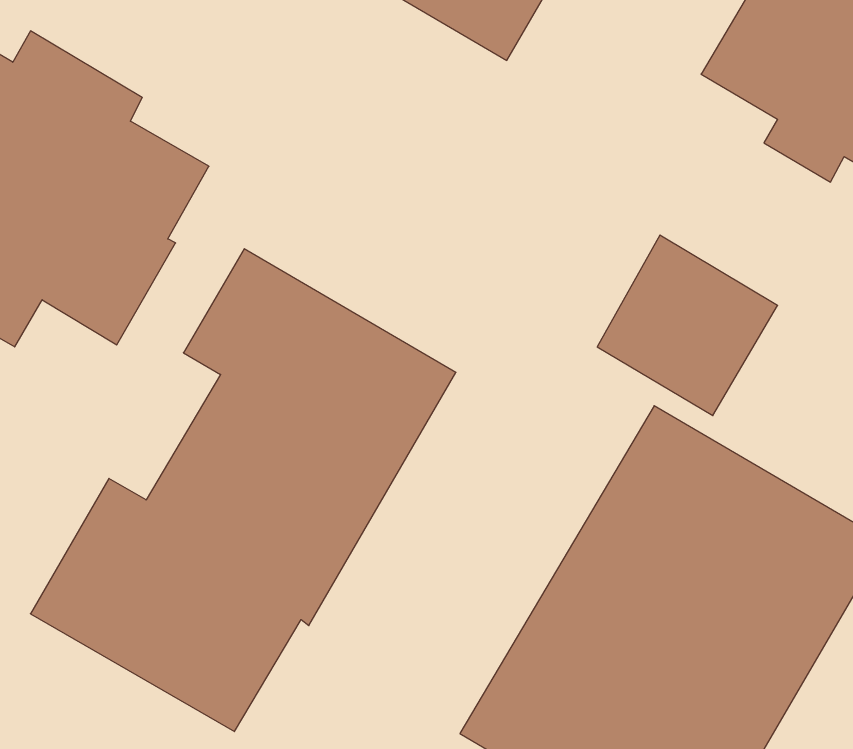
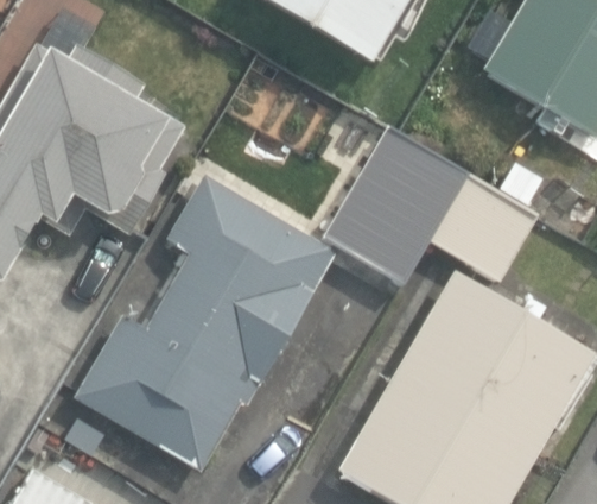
building: none -> [317,124,458,278]

